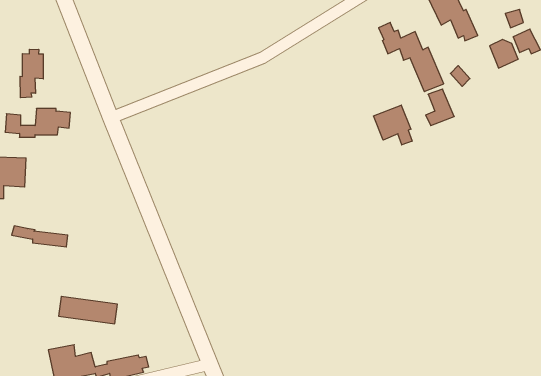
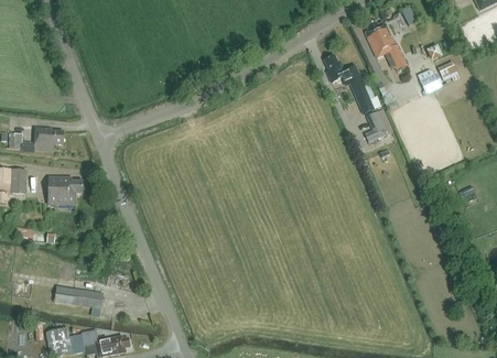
building: [20,49,43,98] -> none
building: [374,105,412,145] -> none
building: none -> [48,176,83,205]

